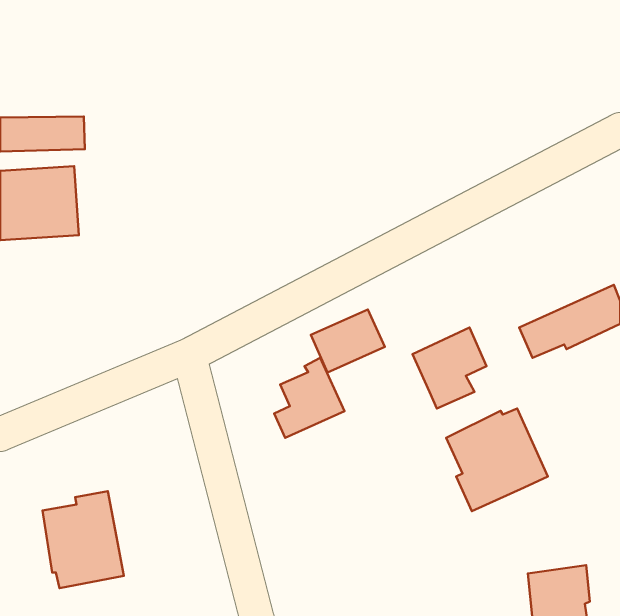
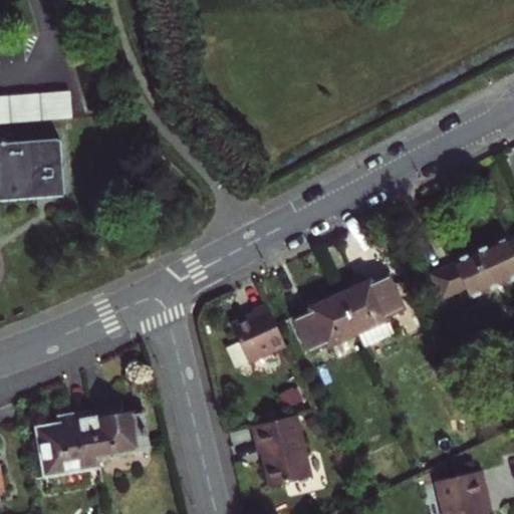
building: [311,309,385,372] -> [294,296,355,348]
building: [446,409,548,511] -> none
building: none -> [89,404,149,458]
building: none -> [251,414,309,485]

